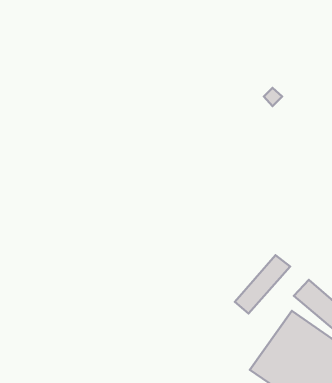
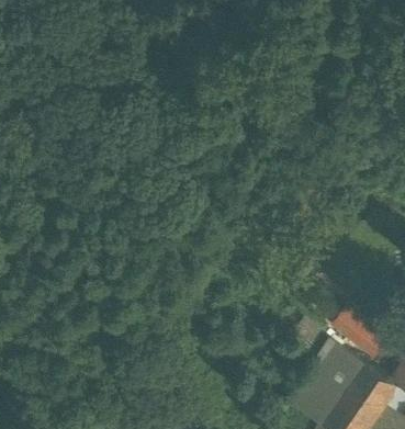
building: [235,255,290,314] -> none

